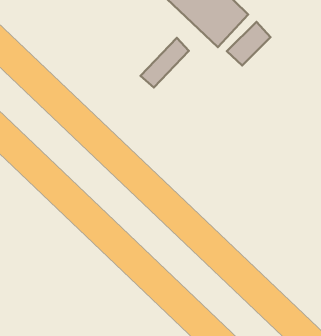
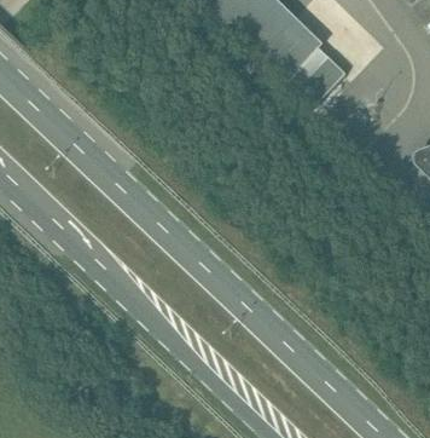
building: [140,38,189,87] -> none

